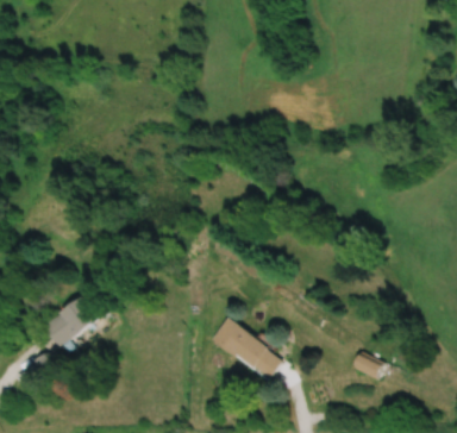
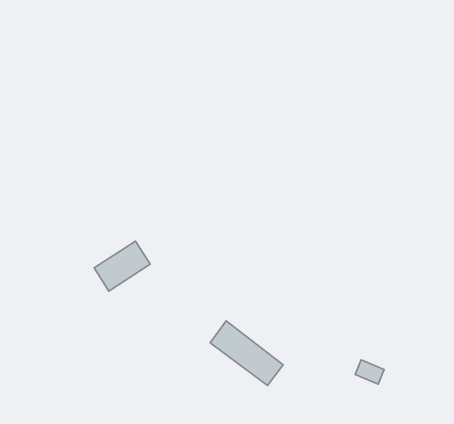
building: [45,296,100,345] -> [94,241,150,291]

